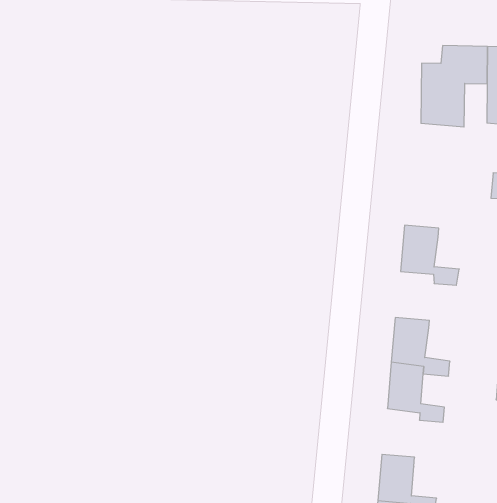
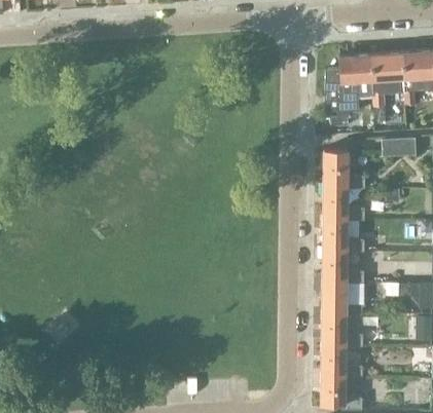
building: none -> [324,151,364,189]
building: none -> [323,215,363,253]
building: none -> [322,309,362,347]

